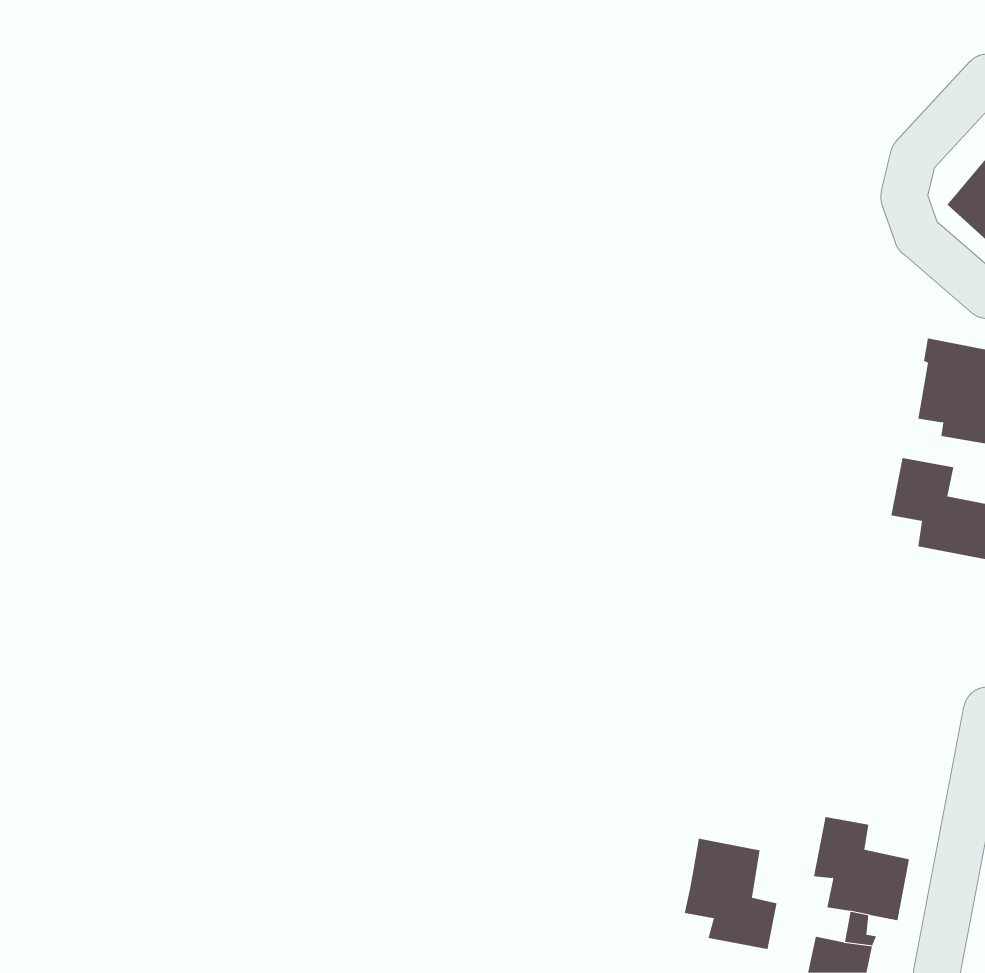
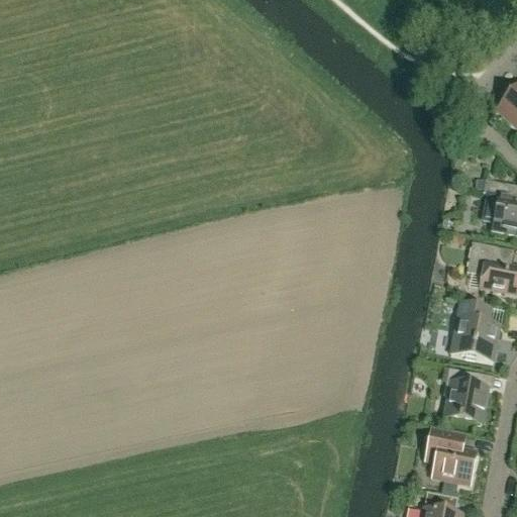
building: none -> [451,300,501,359]
building: none -> [444,366,489,422]
building: [684,838,777,950] -> none

